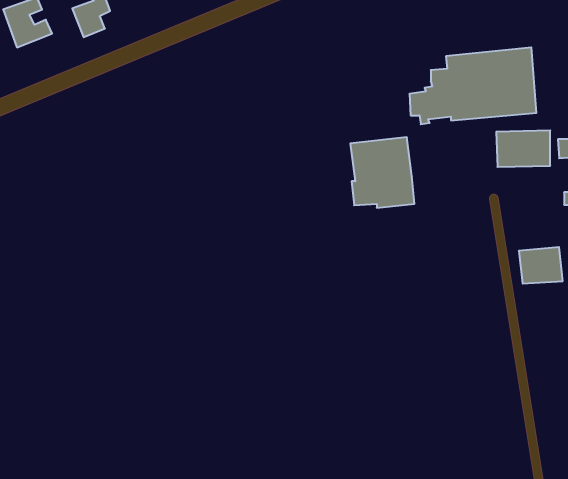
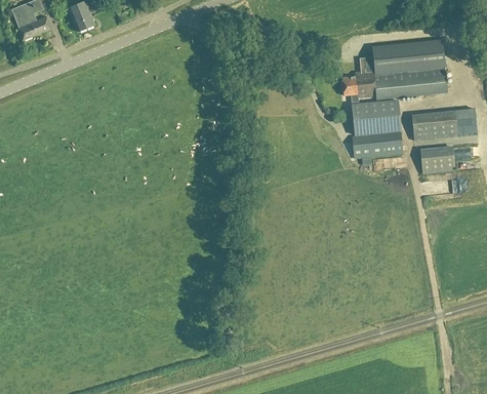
building: [350,137,414,208] -> [351,100,403,157]
building: [519,247,563,284] -> [419,144,455,173]

